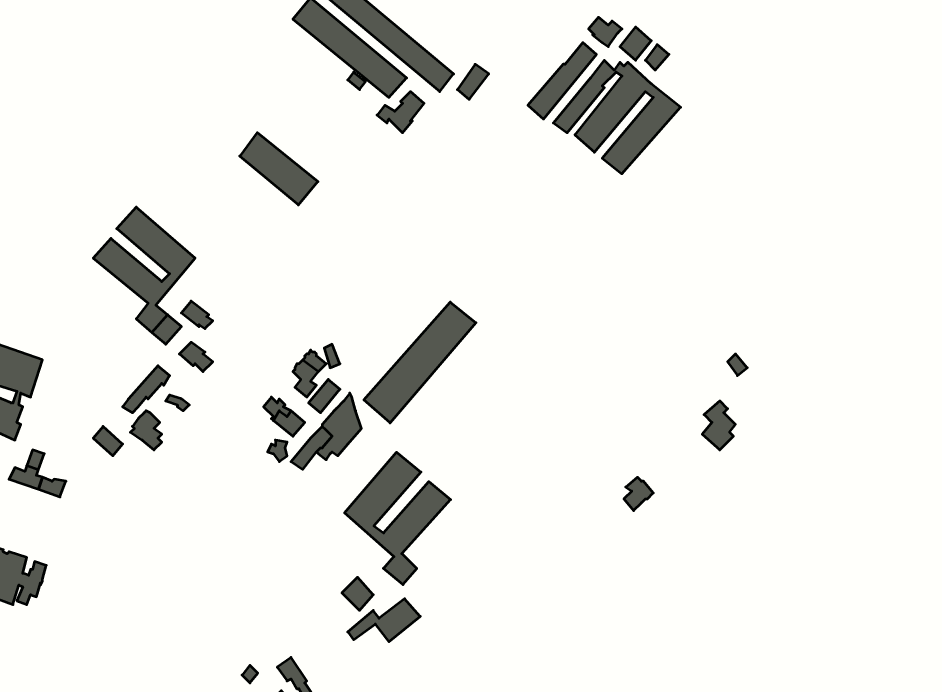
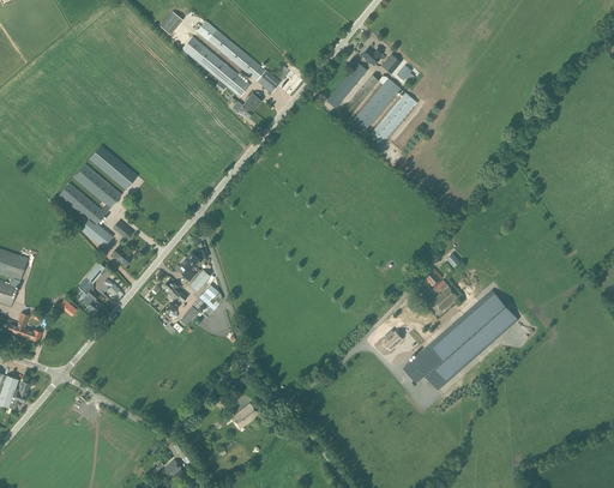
building: [240,133,318,205] -> [90,144,138,188]
building: [364,302,476,423] -> none
building: none -> [403,289,518,388]
building: [345,452,451,585] -> none

